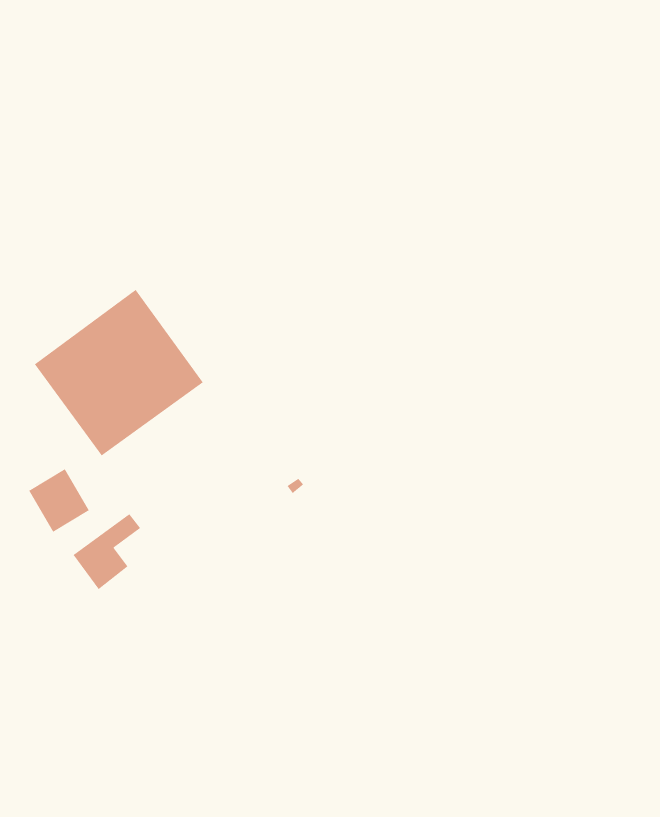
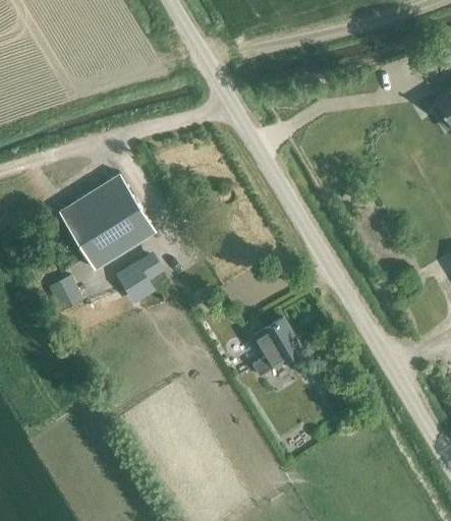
building: [73,513,141,590] -> [119,257,160,300]
building: none -> [252,319,302,377]

